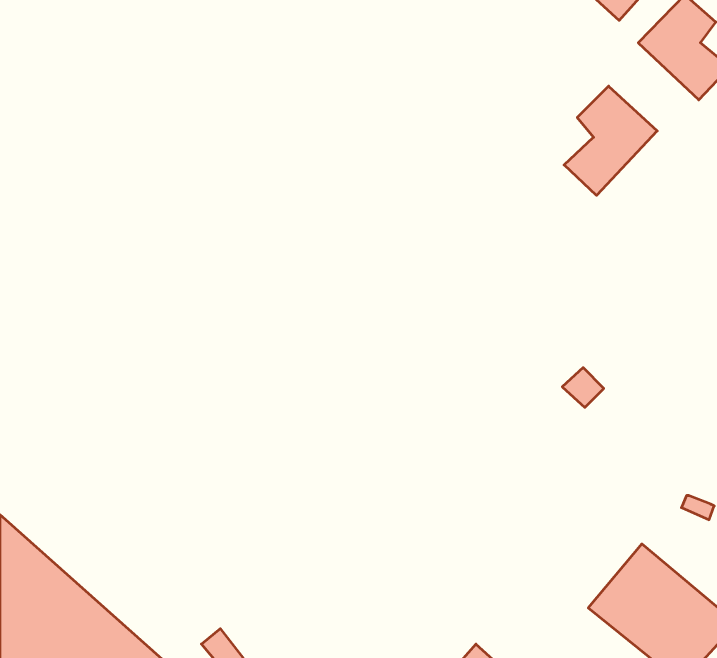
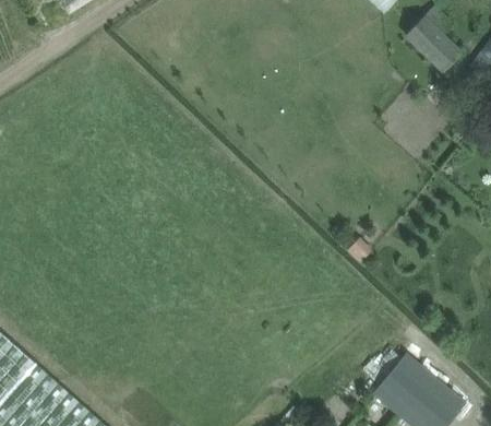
building: [564,86,657,195] -> none

